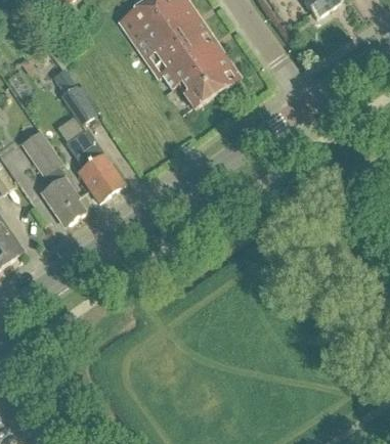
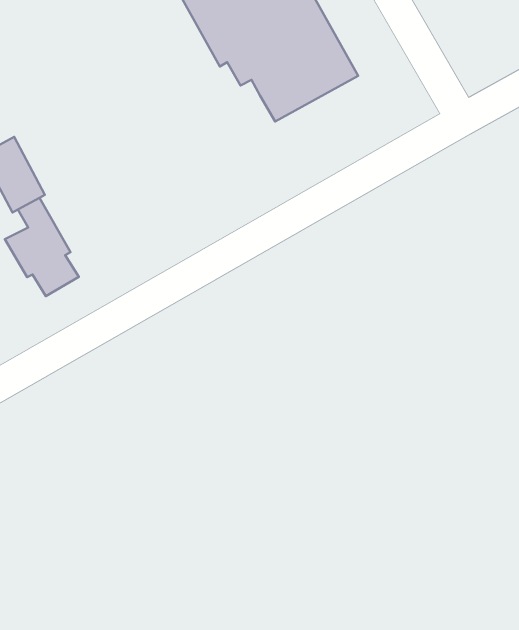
building: [60,85,97,126] -> none
building: [67,129,125,202] -> none

